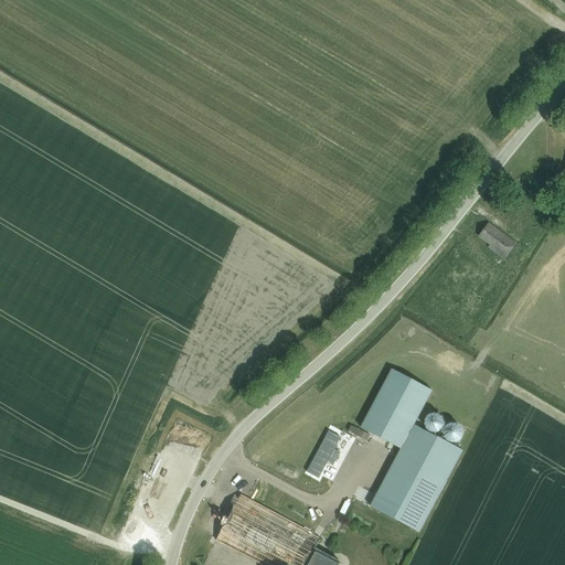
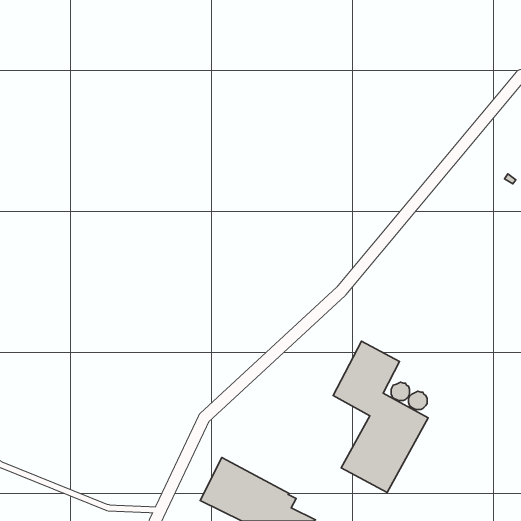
building: [479,223,514,258] -> none
building: [316,425,351,472] -> none

